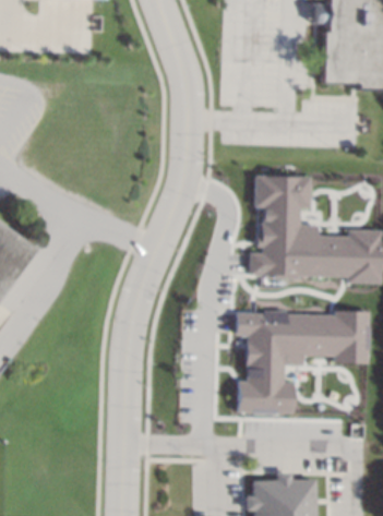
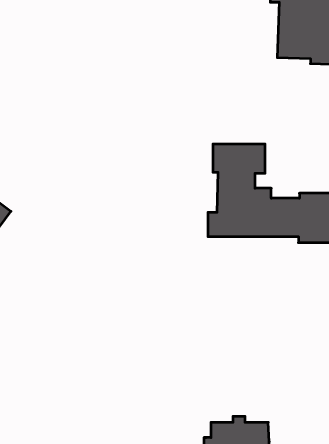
building: [235,311,369,415] -> none

